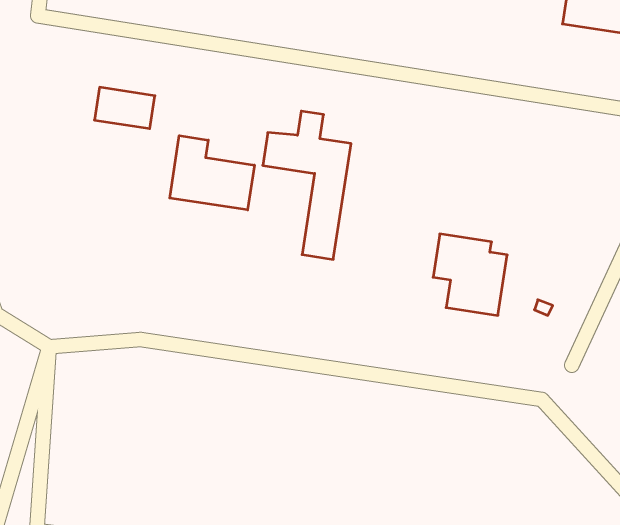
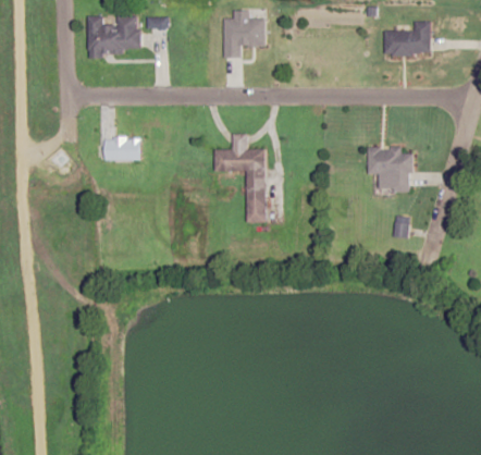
building: [170,136,254,210] -> none
building: [433,234,507,315] -> [368,147,411,192]

